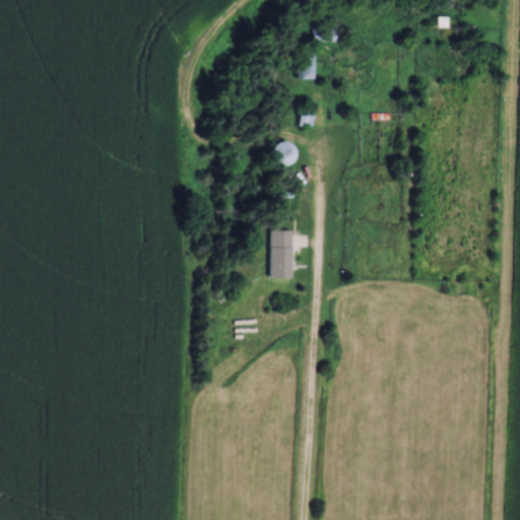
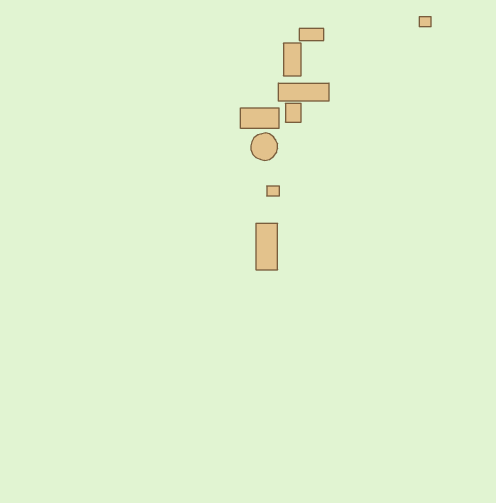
building: none -> [278,83,329,101]
building: none -> [241,108,279,128]

